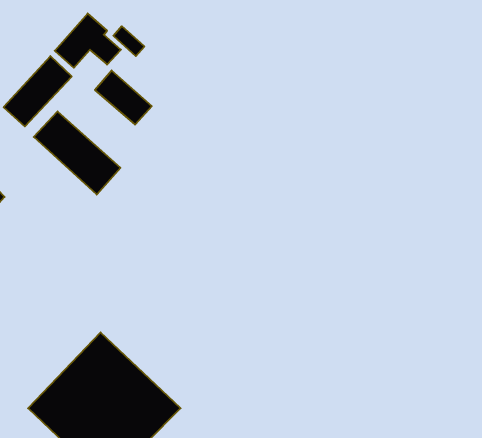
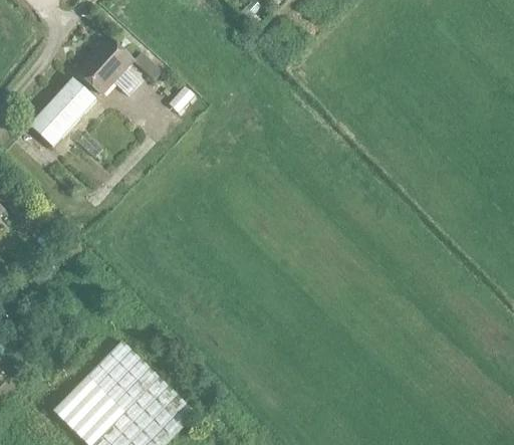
building: [95,70,152,125] -> none
building: [34,111,120,195] -> none

